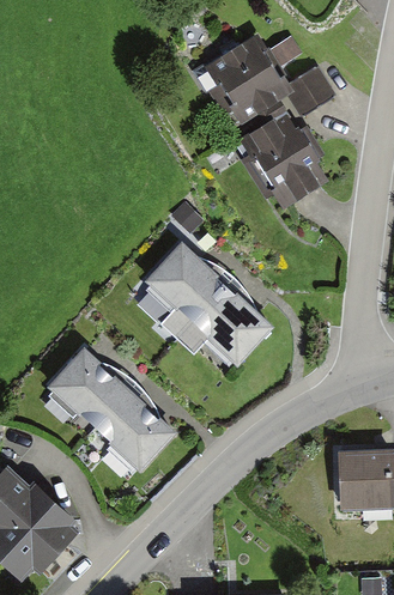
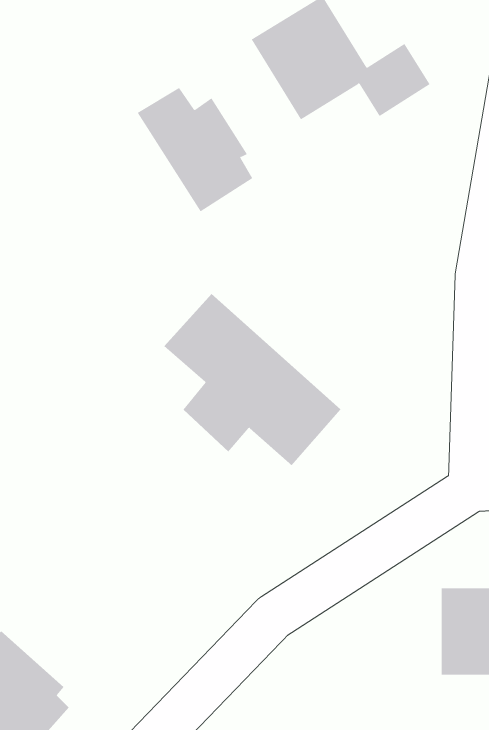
building: [240,120,321,207] -> [137,87,253,212]
building: [44,344,175,472] -> none

